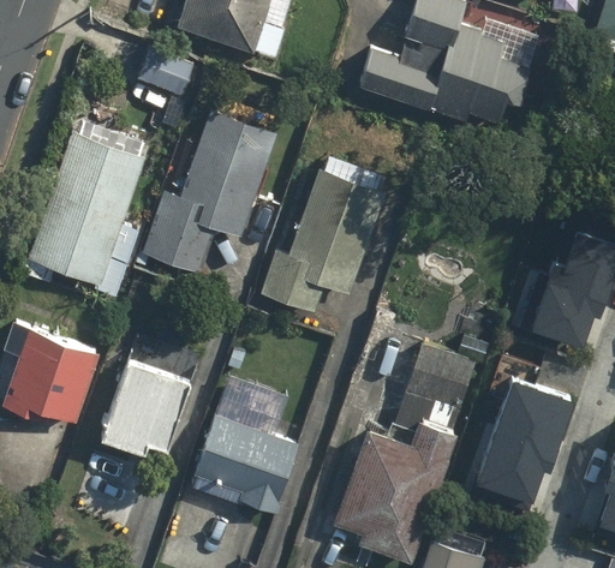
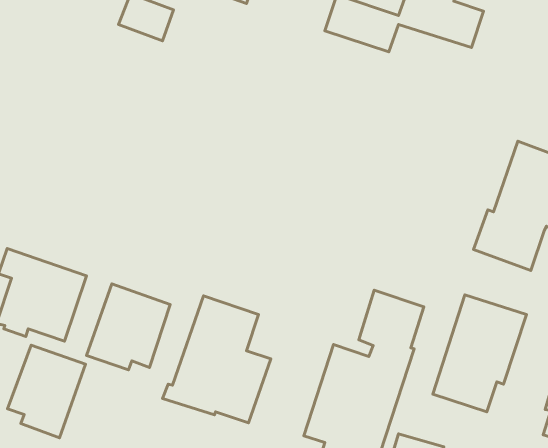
building: [143,113,275,274] -> none
building: [29,132,143,283] -> none
building: [258,171,383,313] -> none
building: none -> [7,345,85,438]

